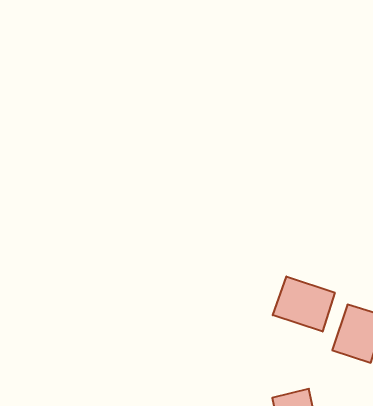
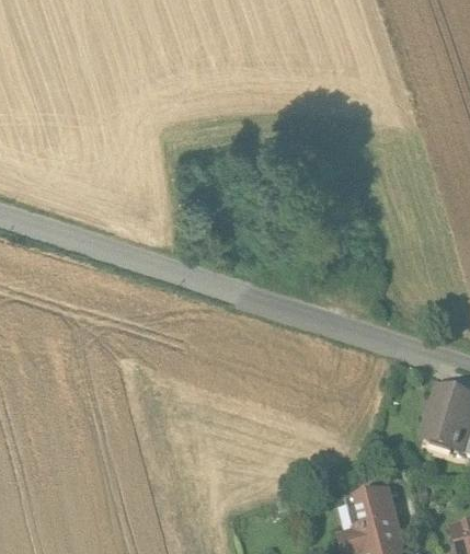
building: [273,276,335,332] -> none

